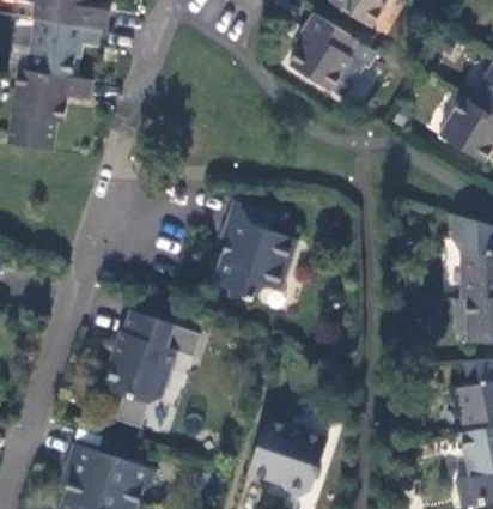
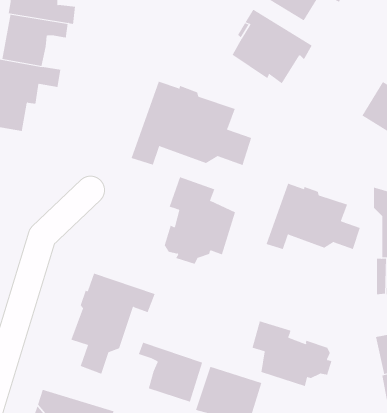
building: none -> [131,81,252,166]
building: none -> [266,183,360,250]
building: none -> [252,321,332,387]
building: none -> [138,342,203,402]

